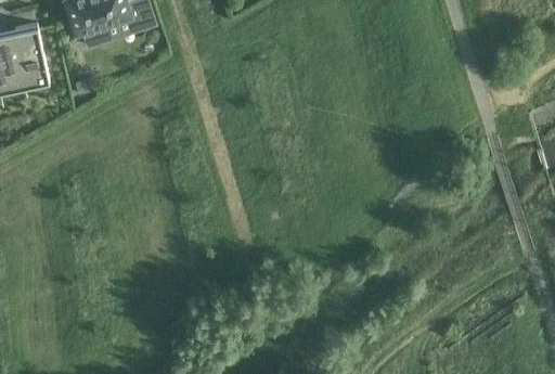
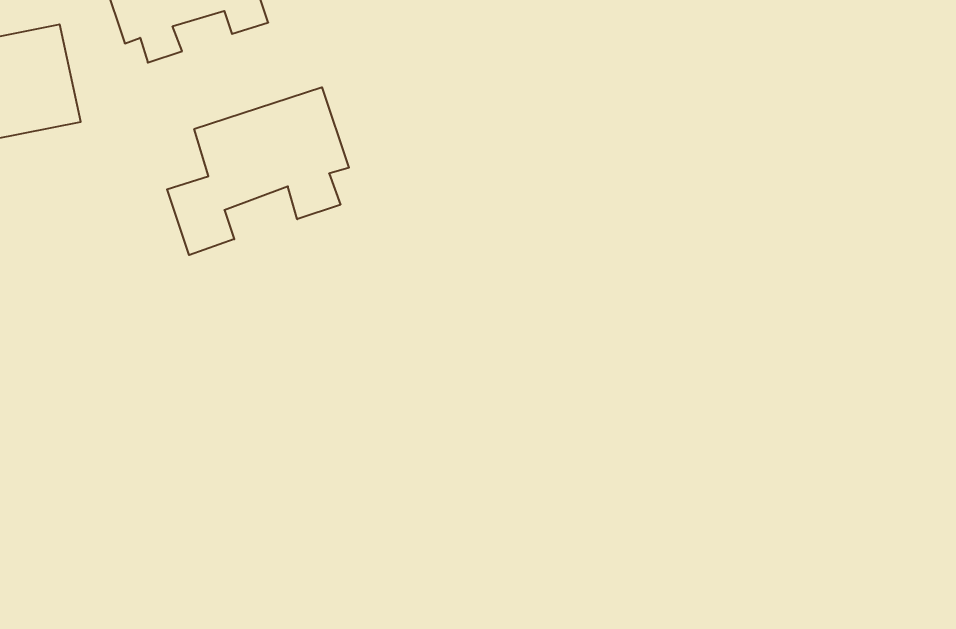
building: none -> [167,87,349,255]

